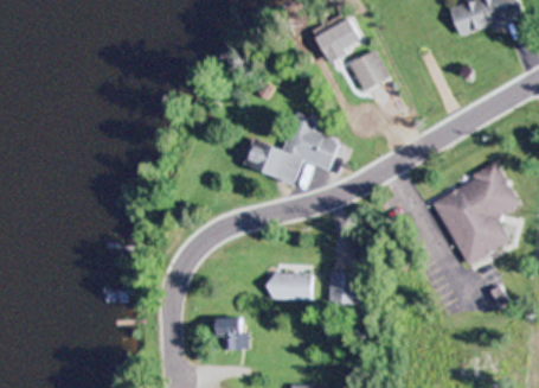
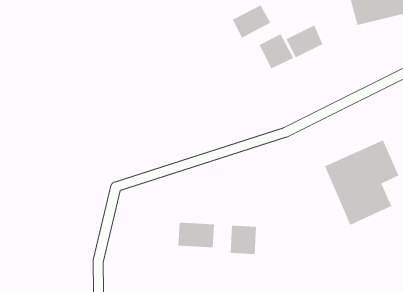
building: none -> [286,24,323,58]
building: [243,112,339,183] -> none
building: [217,318,249,350] -> none

